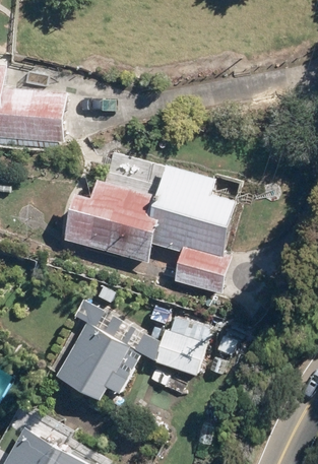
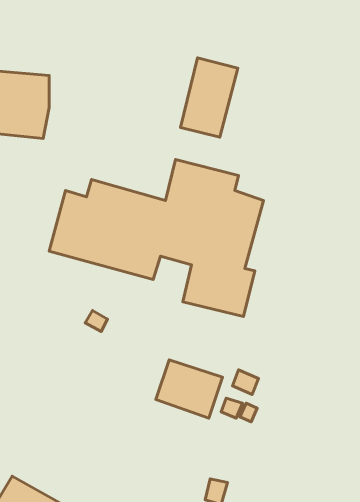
building: none -> [180,58,238,137]
building: [56,322,139,400] -> none

